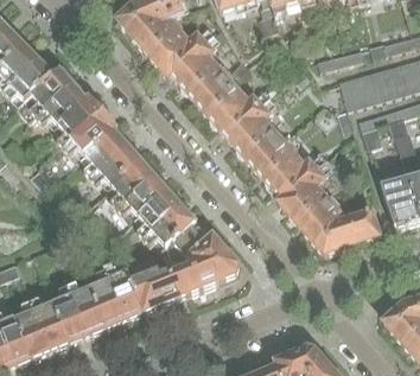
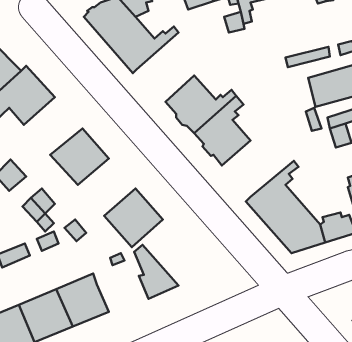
building: [170,33,227,102] -> none
building: [58,96,117,154] -> none
building: [254,140,325,196] -> none
building: [112,158,168,215] -> none
building: [176,223,237,283] -> none
building: [131,272,182,312] -> none

